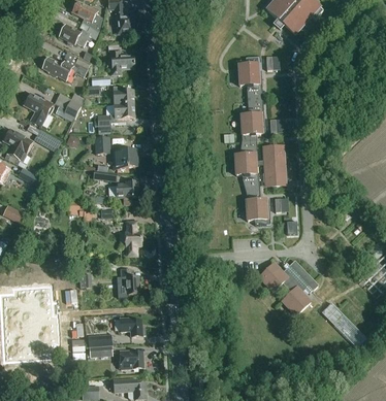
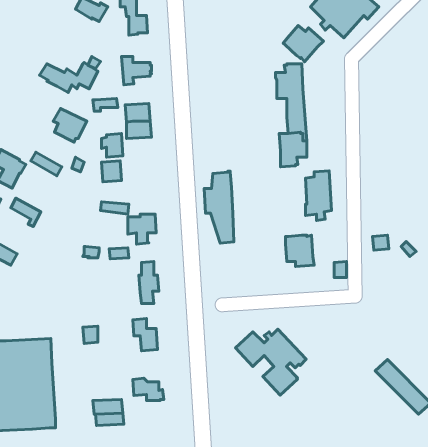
building: [58,24,99,46] -> none
building: none -> [283,26,324,62]
building: [23,93,53,127] -> none
building: [234,140,259,200] -> [204,171,234,243]
building: [112,149,136,169] -> none
building: [258,261,317,315] -> [235,329,306,395]
building: [119,349,143,370] -> none

